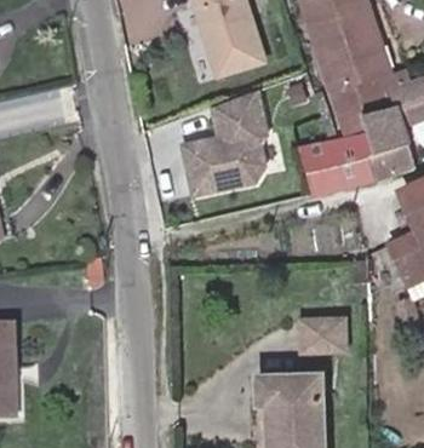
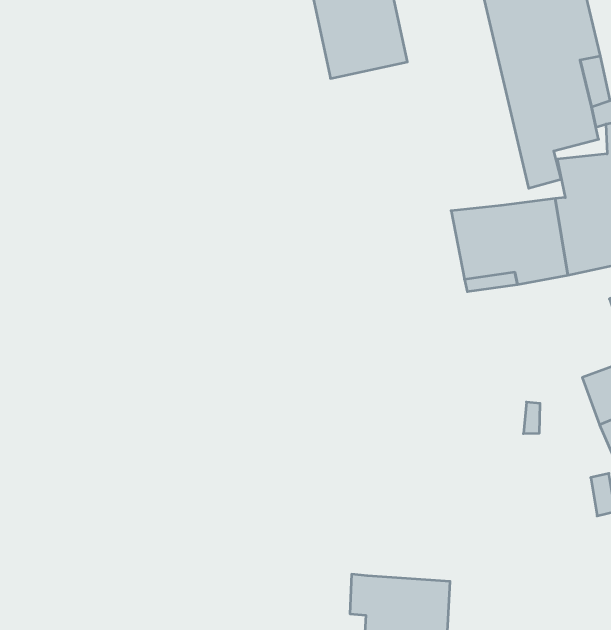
building: [183,90,268,194] -> none
building: [302,317,345,350] -> none

